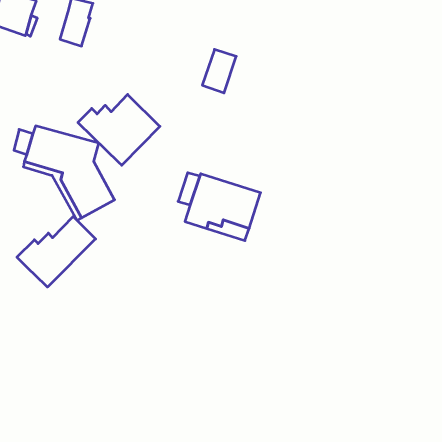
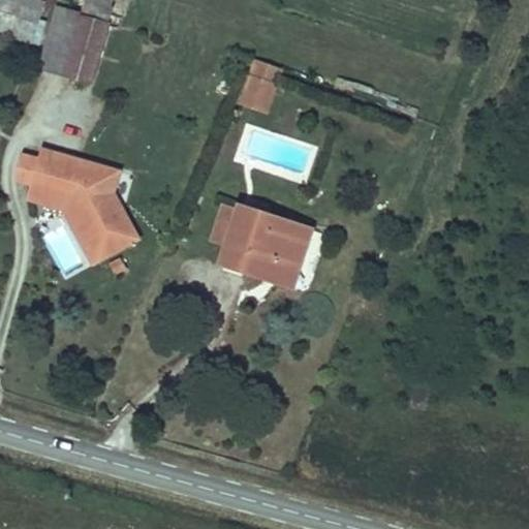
building: none -> [38,4,97,82]
building: [78,94,160,165] -> none
building: [17,216,96,287] -> none

